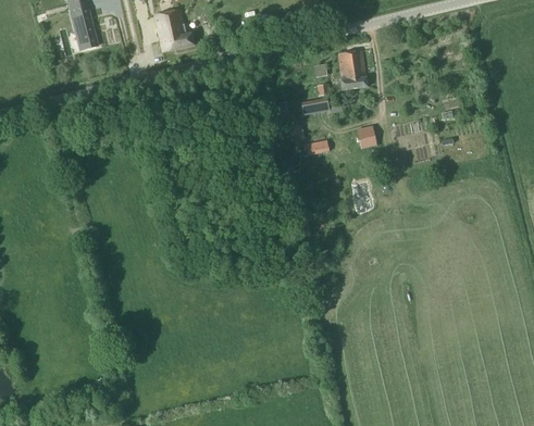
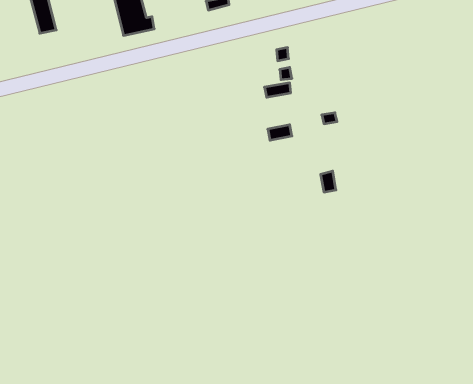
building: [337,49,367,87] -> none

